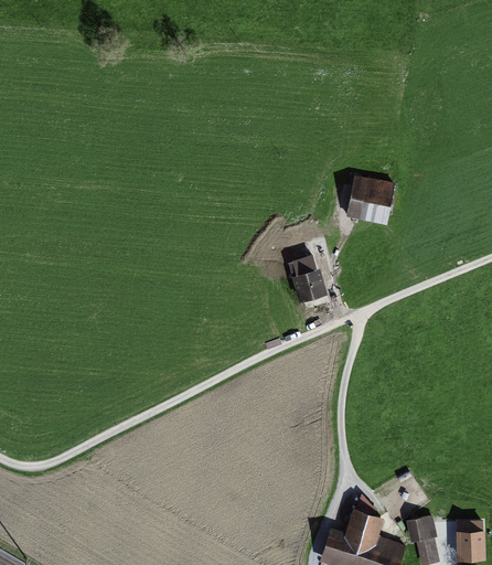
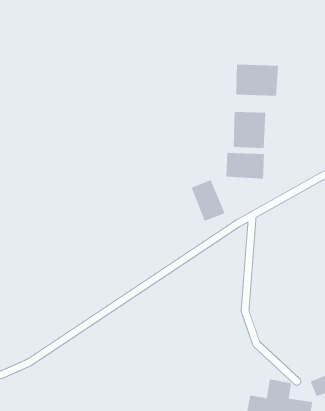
building: none -> [236,64,279,96]
building: none -> [226,152,264,180]

